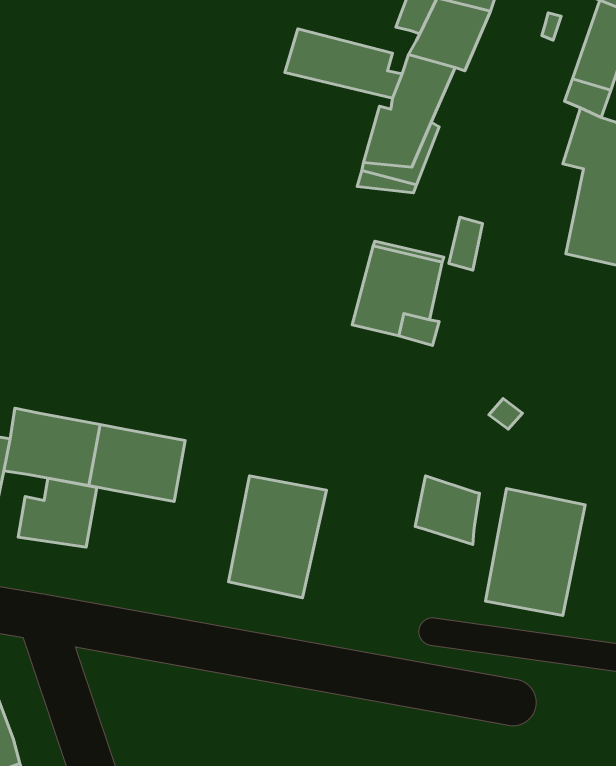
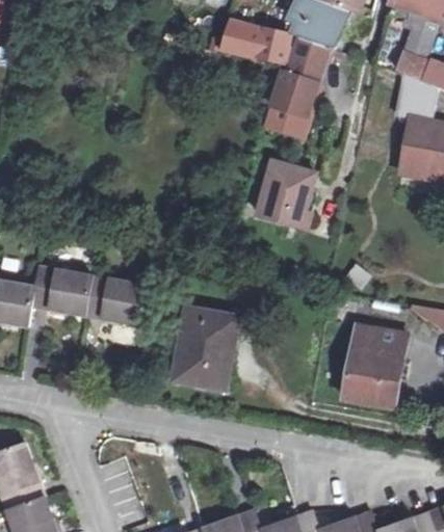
building: [415,476,480,544] -> none
building: [18,478,97,547] -> none

